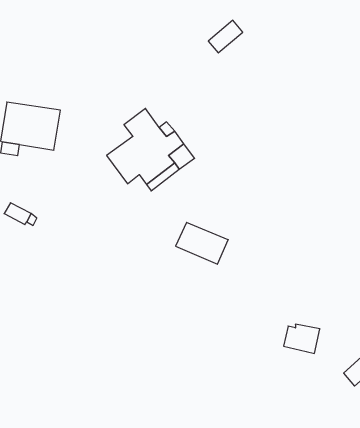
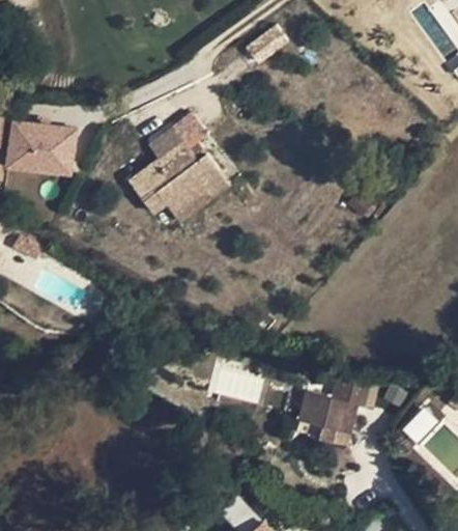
building: [176,222,228,264] -> [208,360,268,408]
building: none -> [298,393,356,432]

